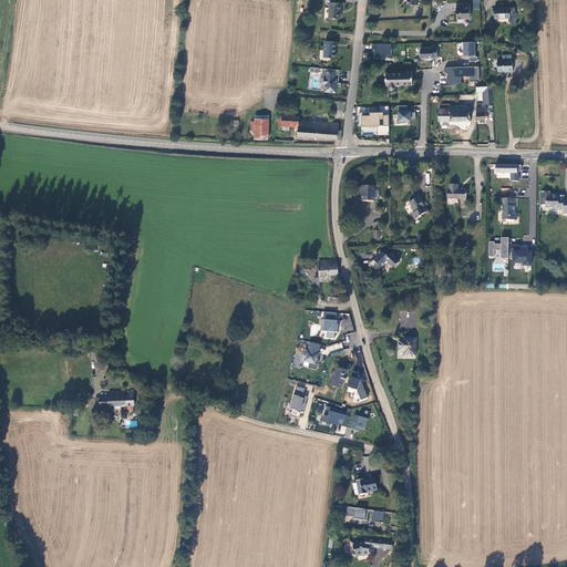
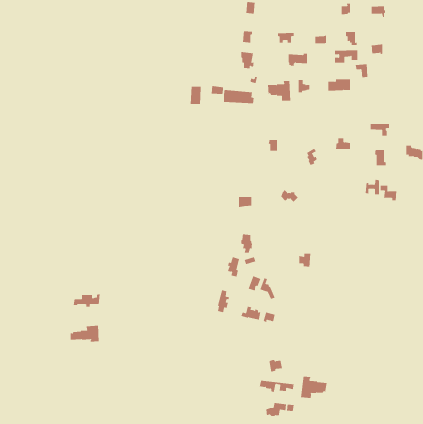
building: none -> [70,325,99,343]
building: none -> [301,376,327,399]

